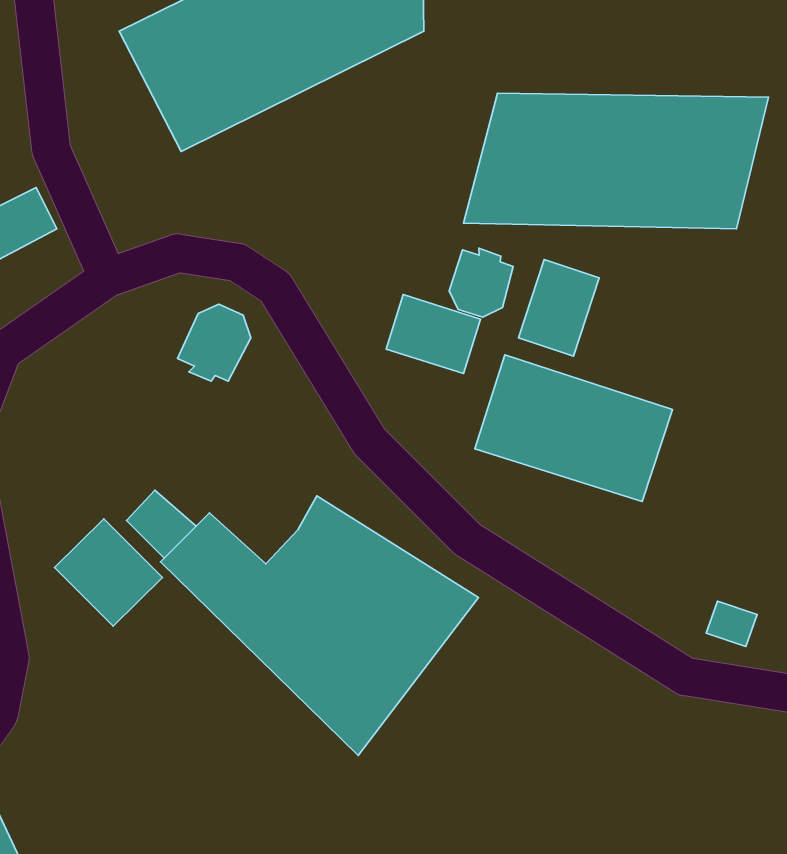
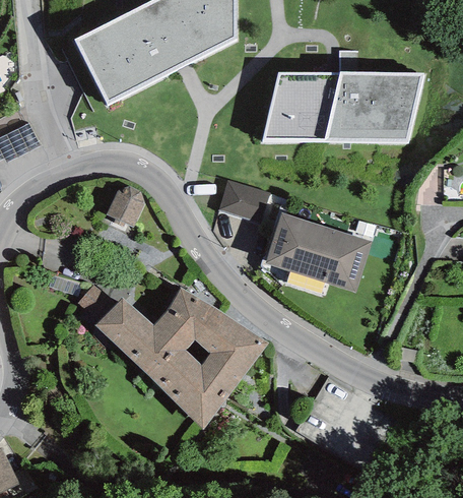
building: [449,248,513,317] -> none
building: [519,259,599,356] -> none
building: [55,519,162,626] -> none

